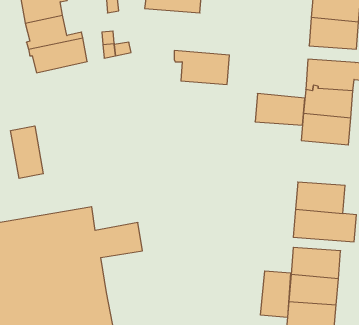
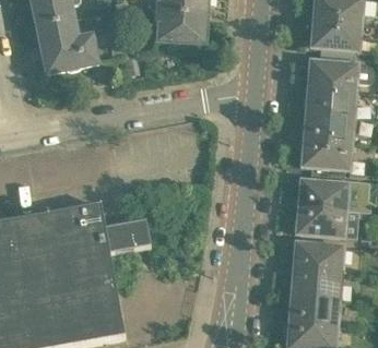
building: [174,51,229,84] -> [152,10,205,43]
building: [255,94,305,125] -> [302,137,350,168]
building: [11,126,43,178] -> none
building: [261,271,290,317] -> none

